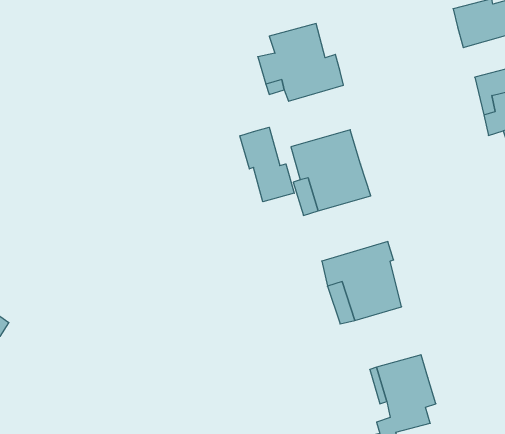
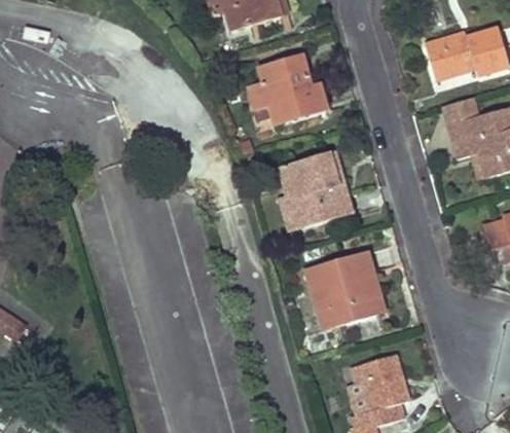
building: [240,127,294,202] -> none

